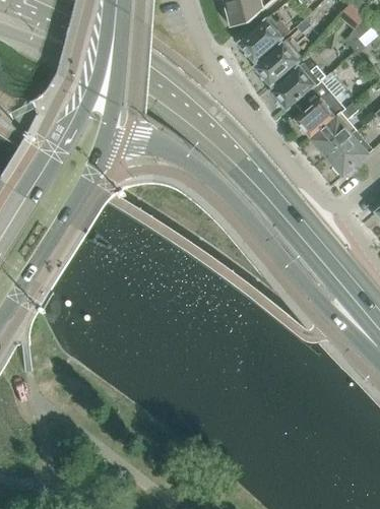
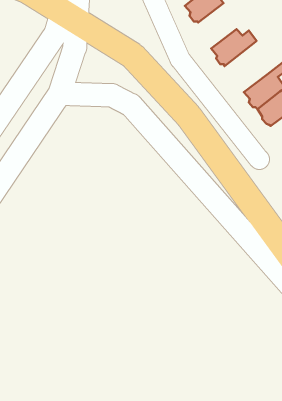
building: [257,42,301,84] -> none
building: [298,79,338,137] -> none

